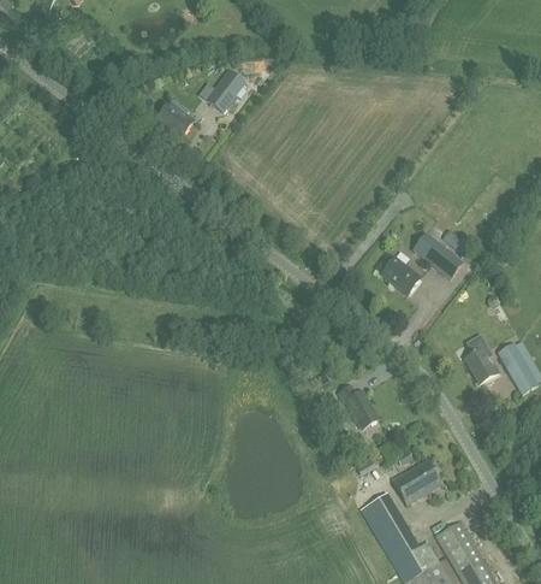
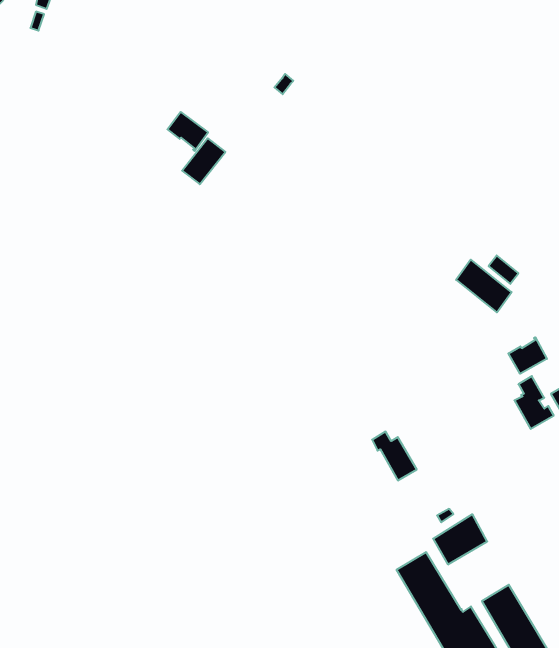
building: [206,70,244,111] -> [182,138,225,184]
building: [380,256,420,294] -> none
building: none -> [508,337,547,374]

